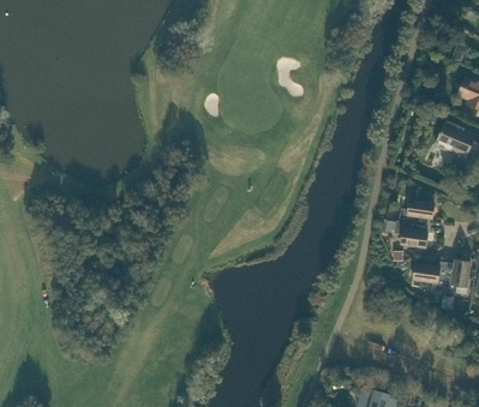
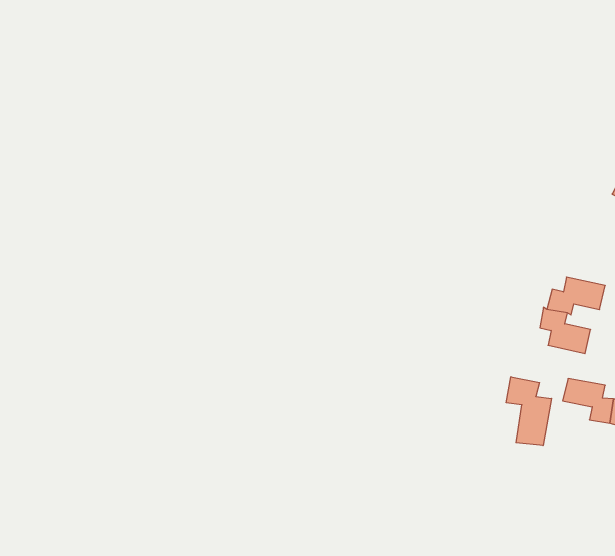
building: none -> [506,377,552,446]

